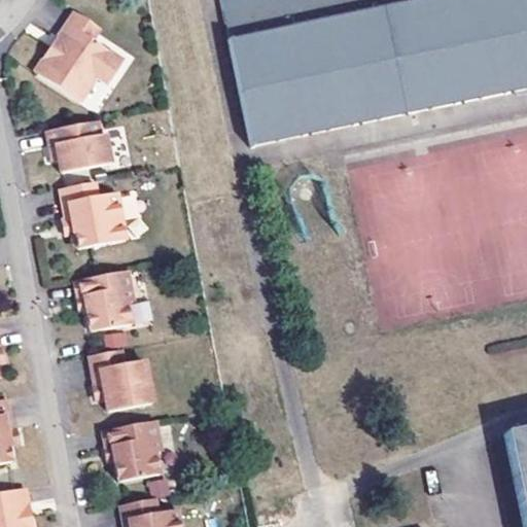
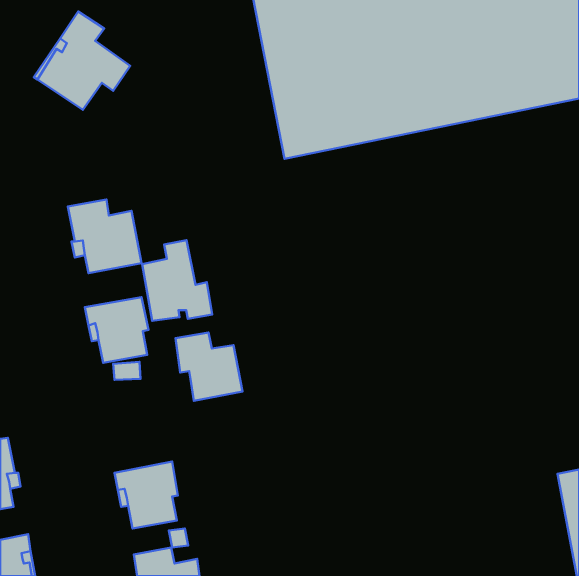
building: [49,119,112,171] -> none
building: none -> [142,240,212,321]
building: [92,348,152,410] -> [176,333,243,401]

